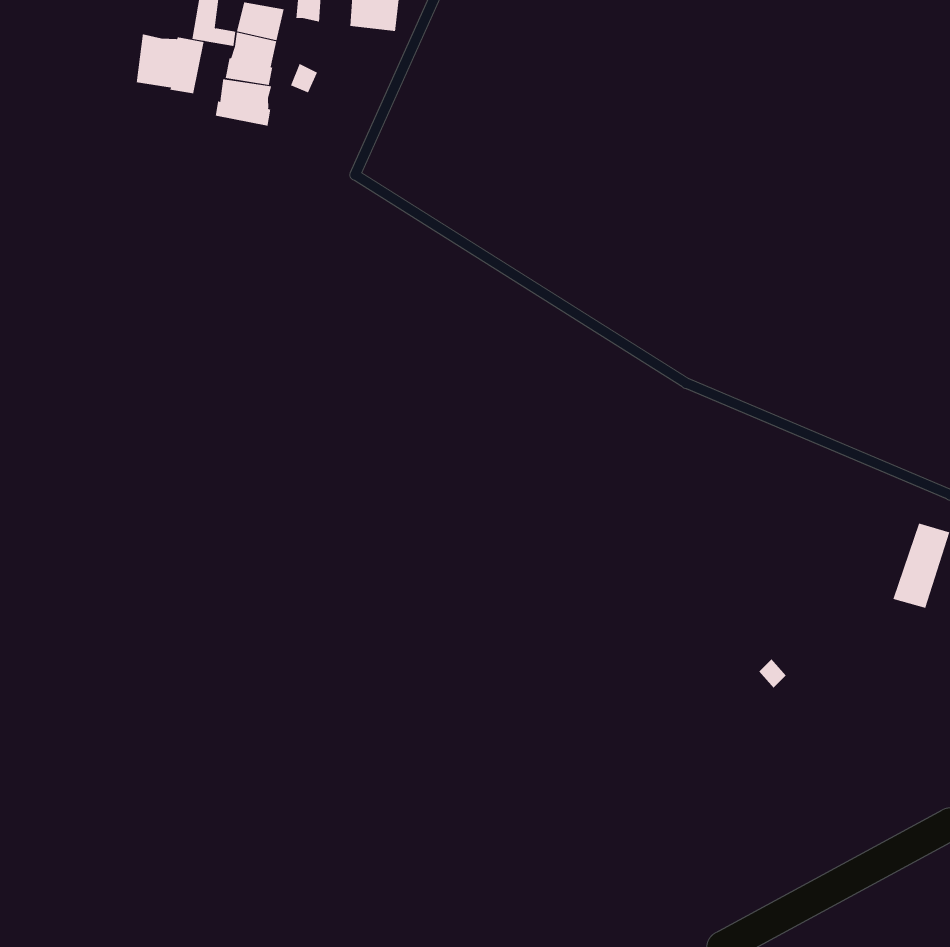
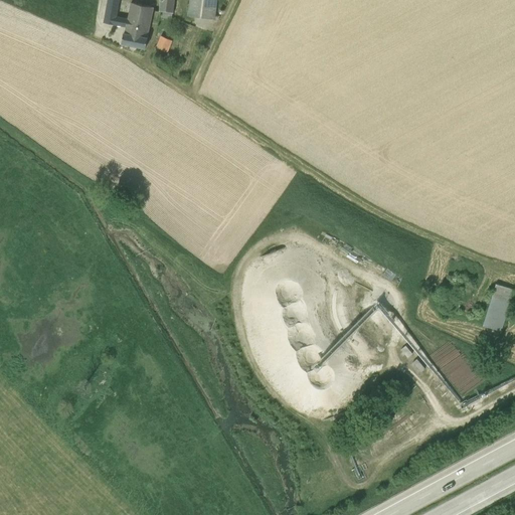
building: [136,33,204,94] -> none
building: [215,79,272,126] -> none

